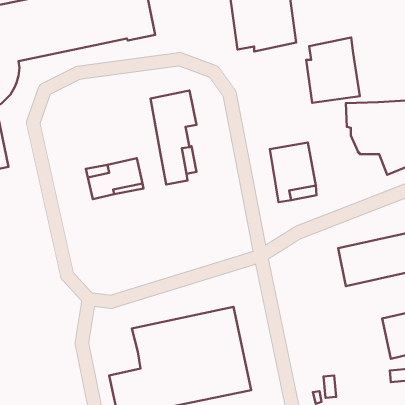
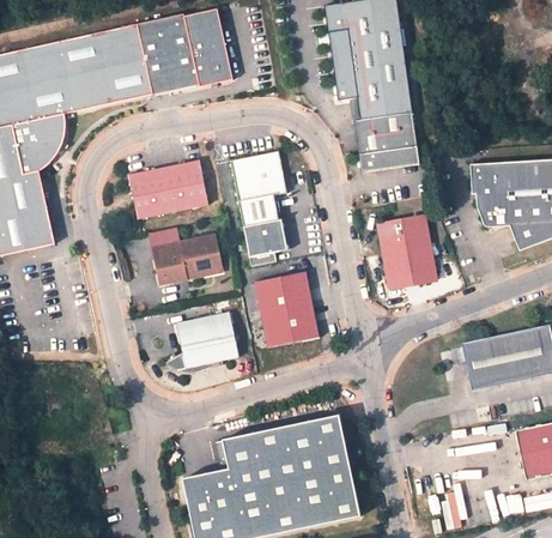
building: [306,37,360,103] -> [354,91,420,171]
building: none -> [127,158,208,217]
building: none -> [255,271,321,347]
building: none -> [165,310,239,373]
building: none -> [176,470,219,498]

